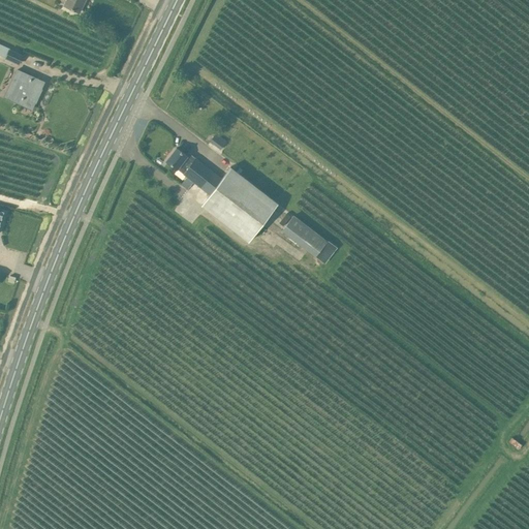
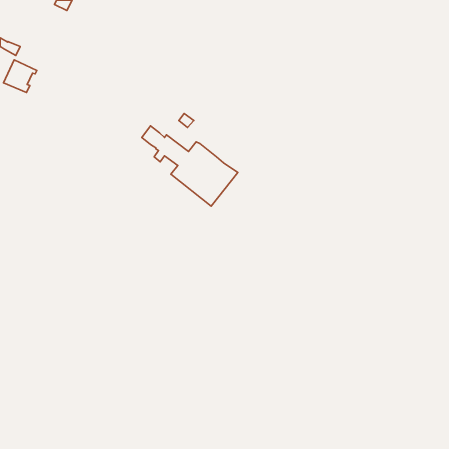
building: [282,216,339,264] -> none

